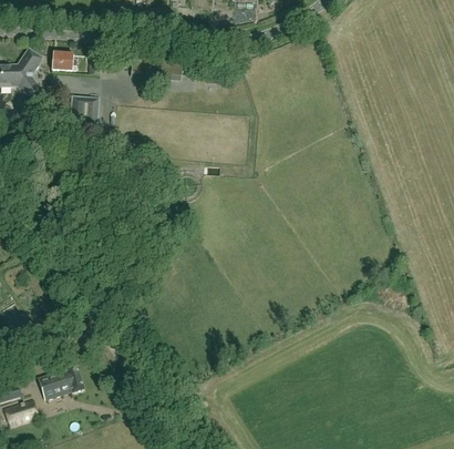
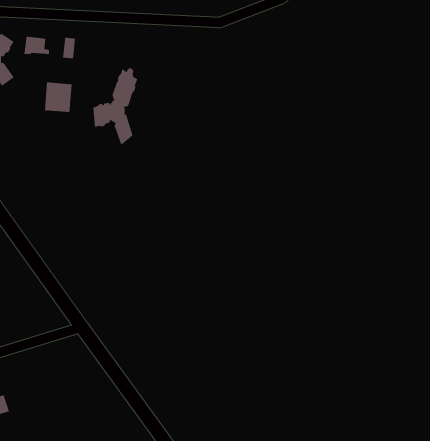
building: none -> [93,68,138,146]
building: [38,365,83,399] -> none

